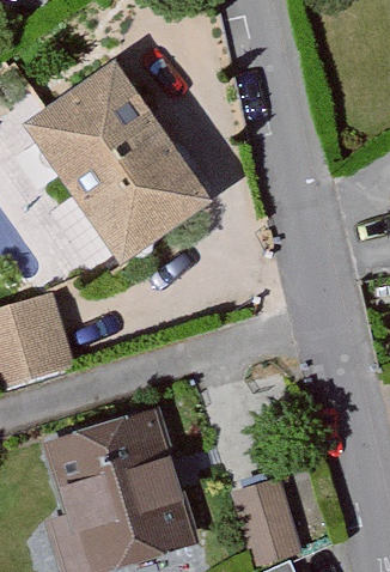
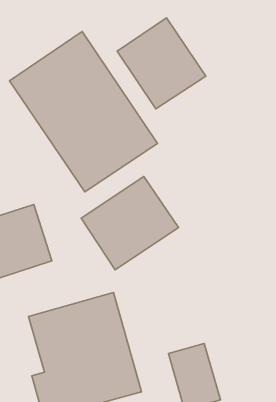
building: none -> [117,18,206,109]
building: none -> [81,176,178,270]

